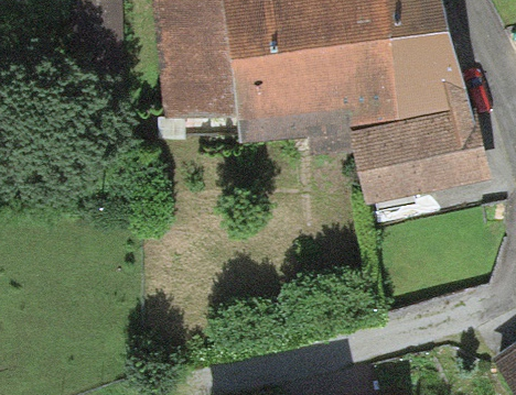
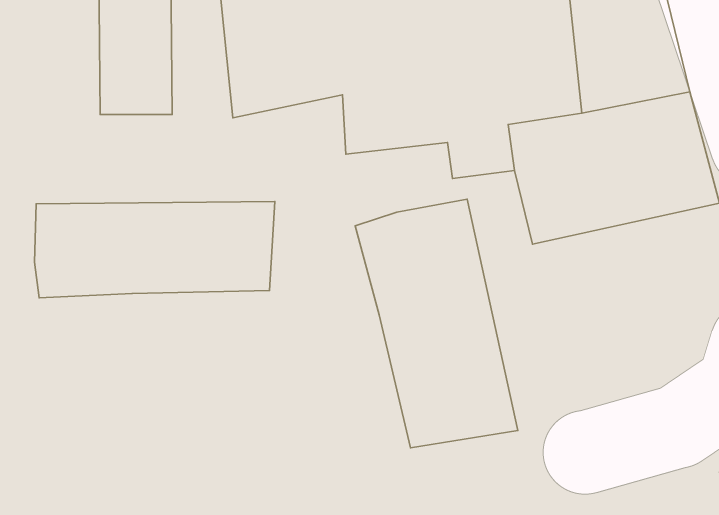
building: none -> [355,199,518,448]
building: none -> [35,202,275,298]

